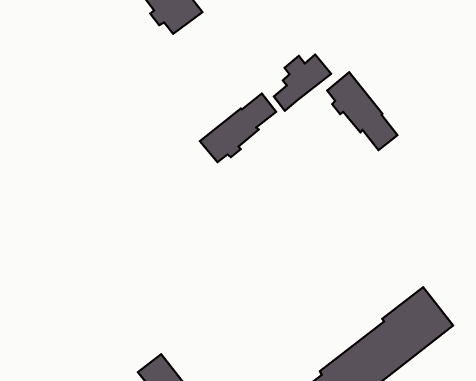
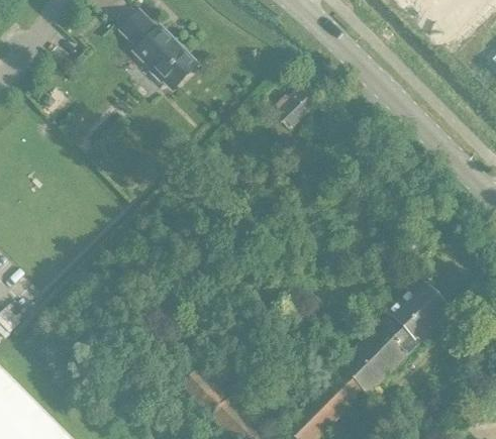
building: [327,72,398,150] -> none
building: [200,93,276,162] -> none

